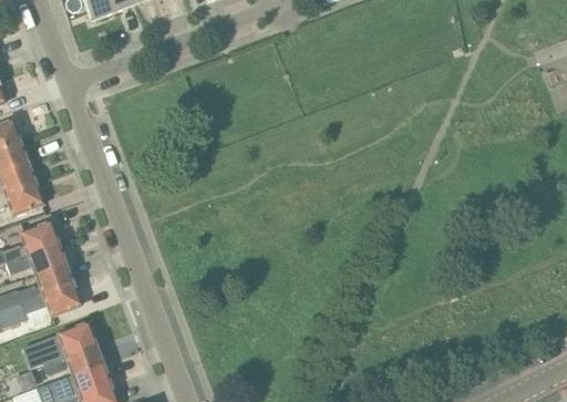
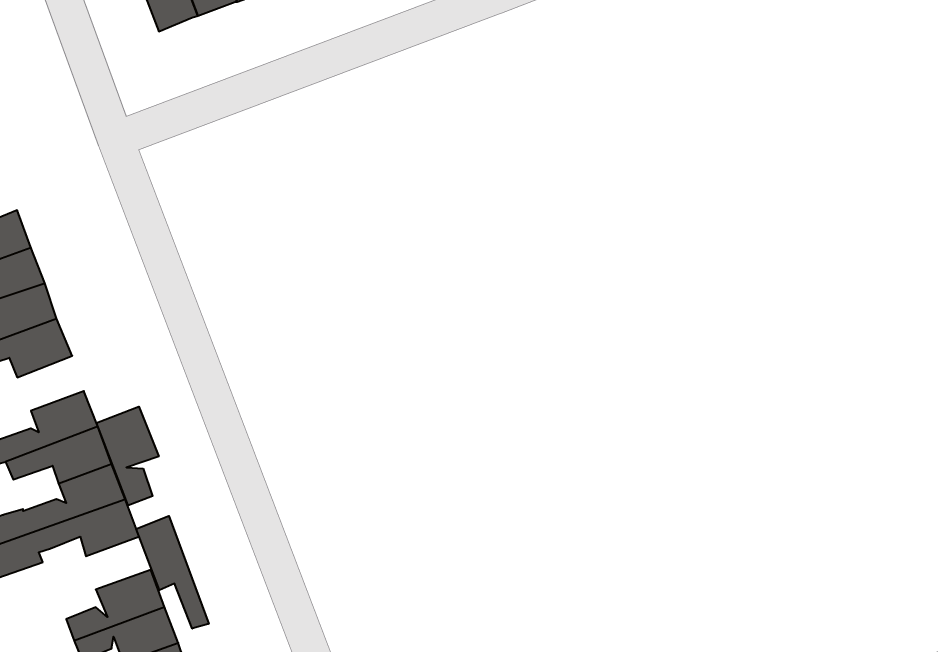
building: none -> [96,407,159,506]
building: none -> [136,516,209,629]

